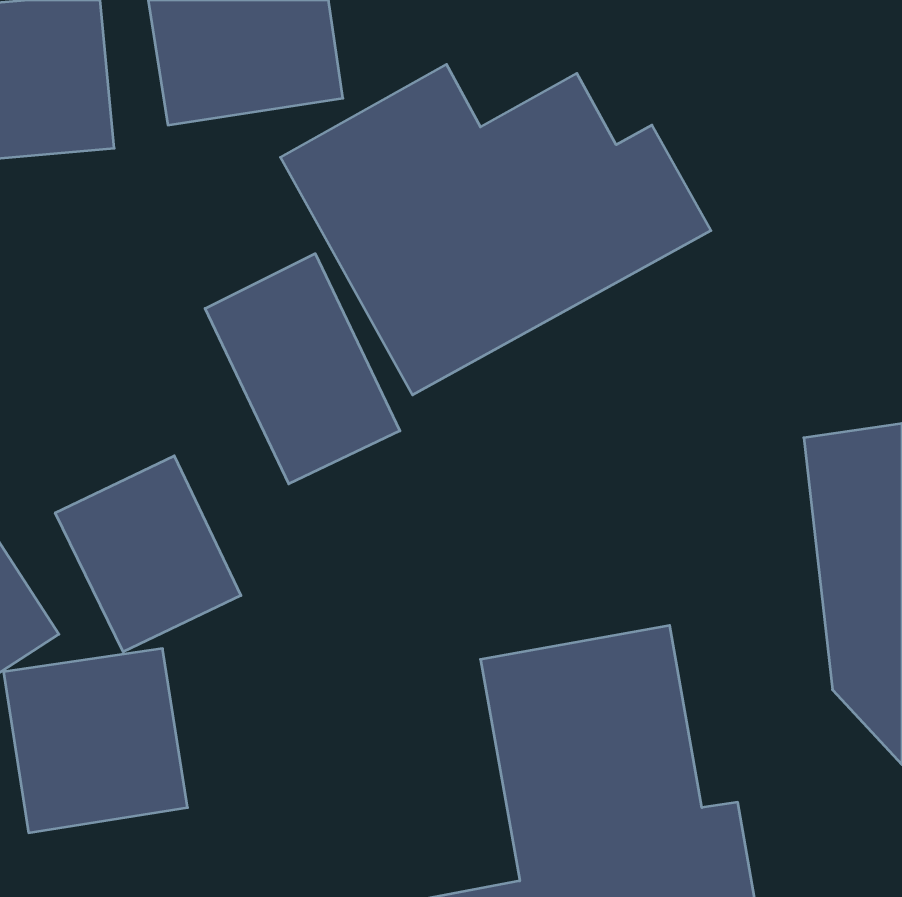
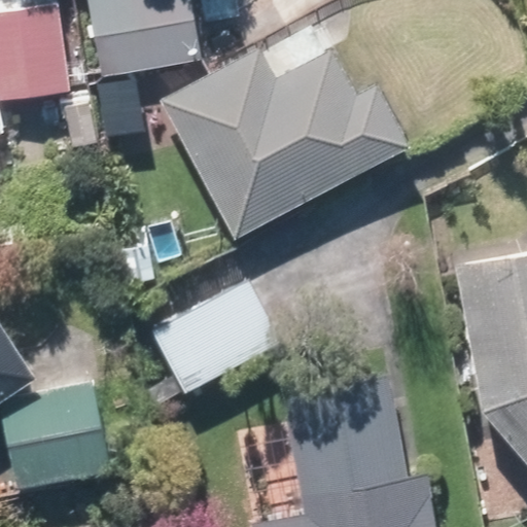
building: [205,254,400,484] -> none
building: [55,456,241,652] -> none
building: none -> [145,286,284,399]

